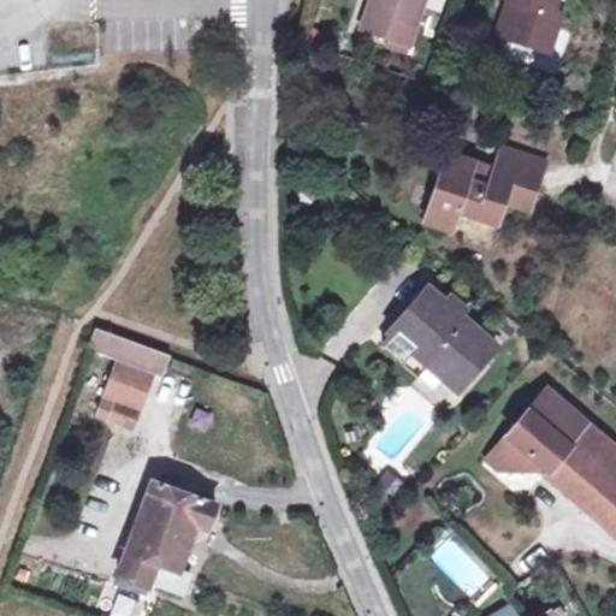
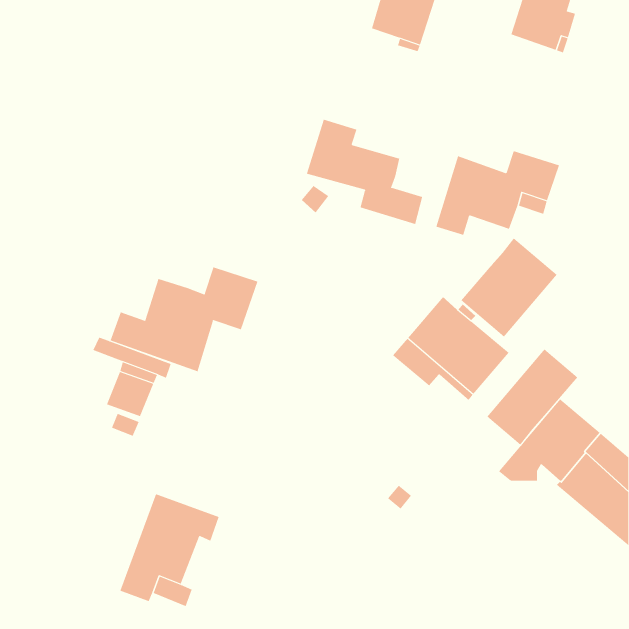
building: none -> [306,119,423,225]
building: none -> [460,238,558,338]
building: none -> [110,266,258,372]
building: none -> [486,349,578,445]

